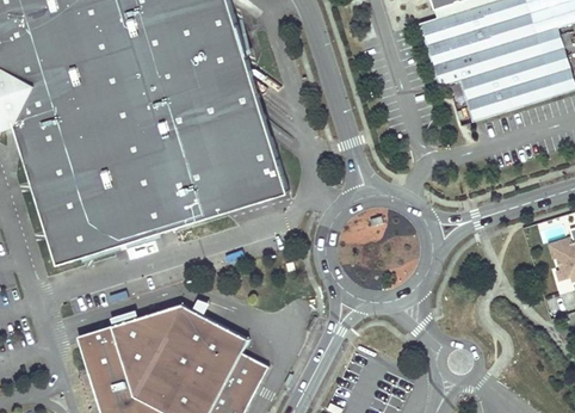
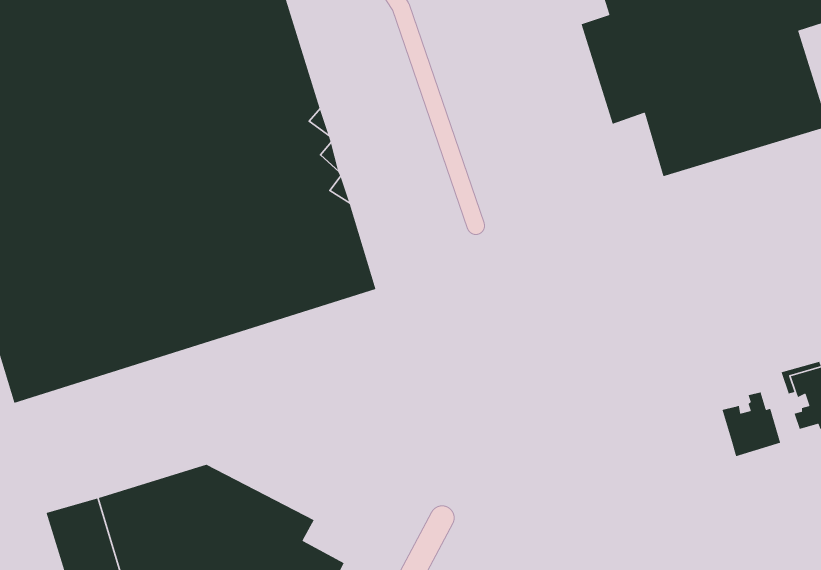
building: none -> [721,391,781,457]

